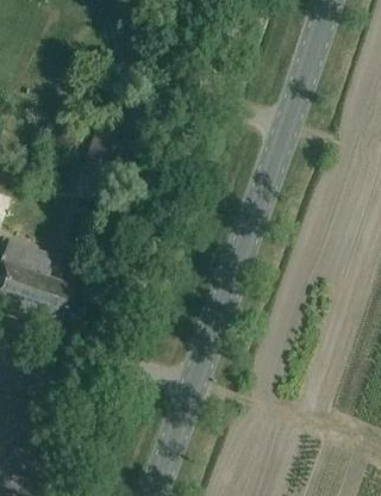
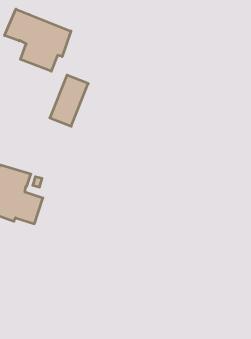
building: none -> [5,9,71,71]

